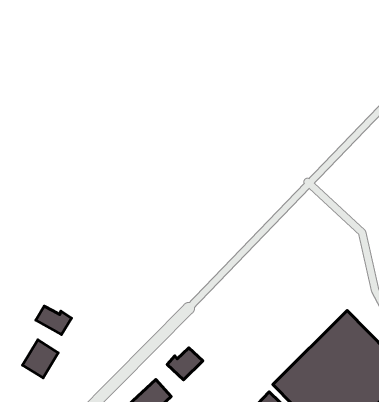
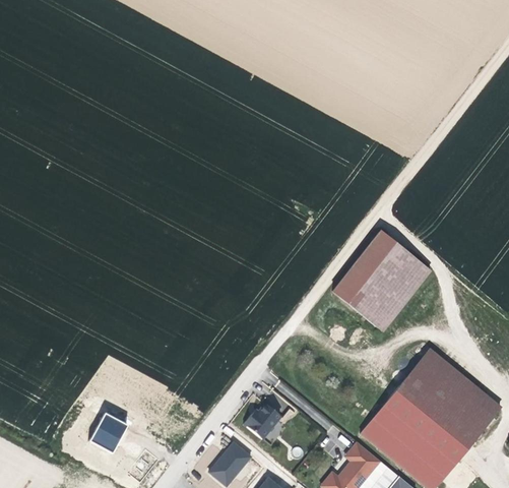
building: none -> [333,232,429,329]
building: [36,306,72,334] -> none

